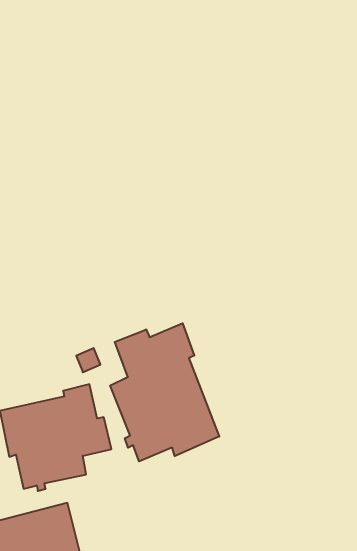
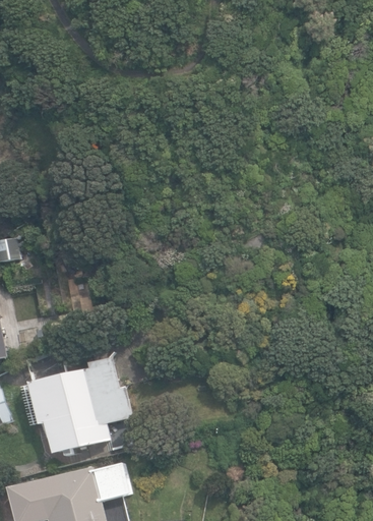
building: [110,323,219,461] -> none

